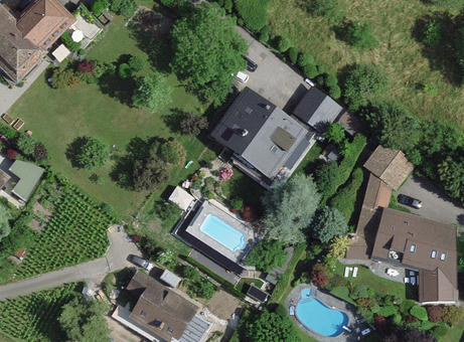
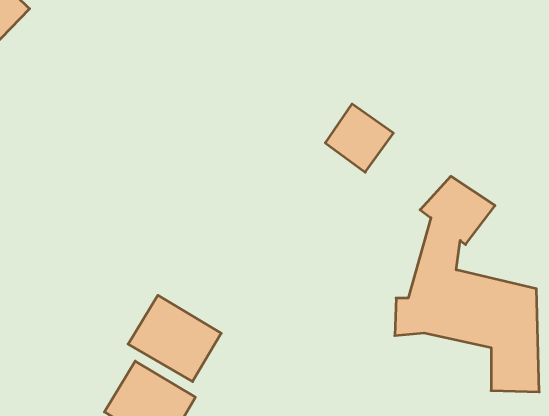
building: [208,84,312,185] -> none
building: none -> [128,295,221,382]

